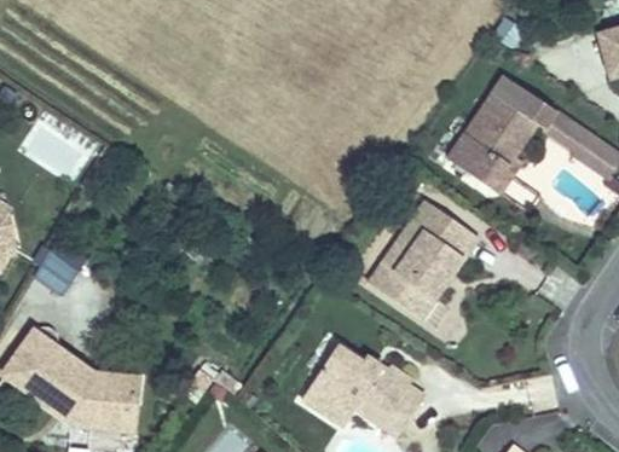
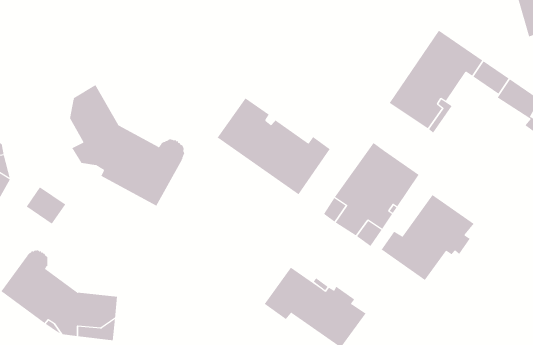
building: none -> [69,84,185,207]
building: none -> [217,98,331,195]
building: none -> [381,194,475,281]

